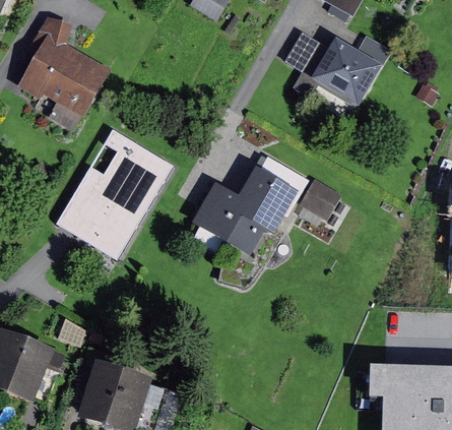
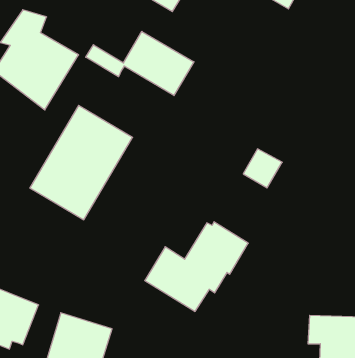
building: [286,30,382,108] -> none
building: none -> [86,31,194,96]
building: [190,153,309,256] -> [145,222,248,311]

